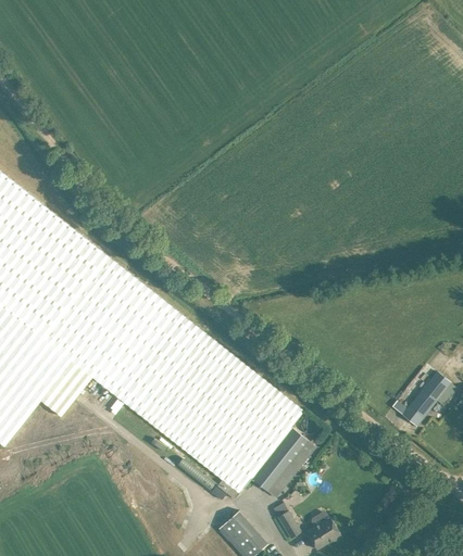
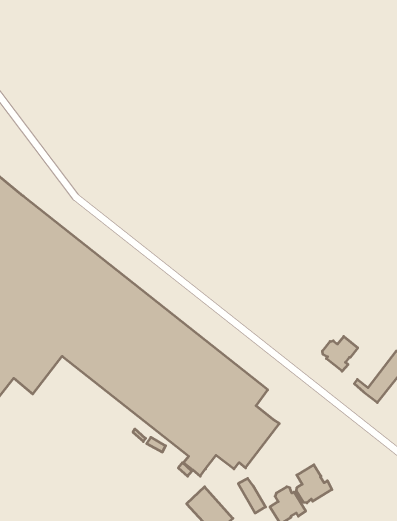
building: none -> [322,336,358,371]
building: none -> [297,465,332,503]

